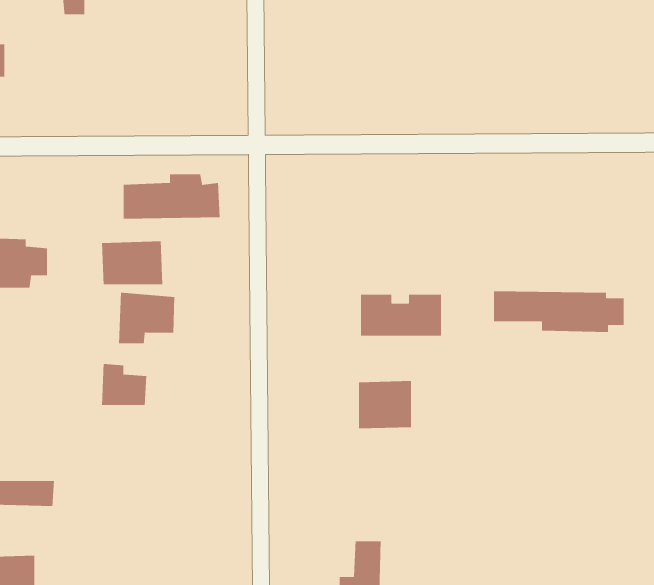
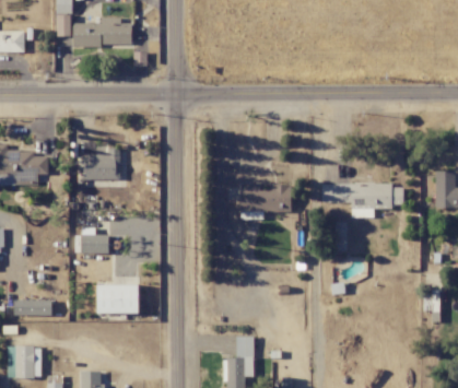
building: [123,173,221,220] -> [72,19,132,47]
building: [118,292,175,344] -> none
building: [358,380,412,429] -> none
building: none -> [97,285,139,315]

